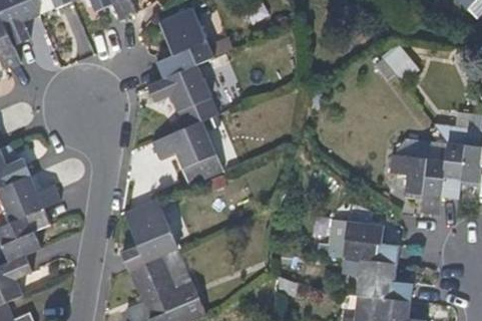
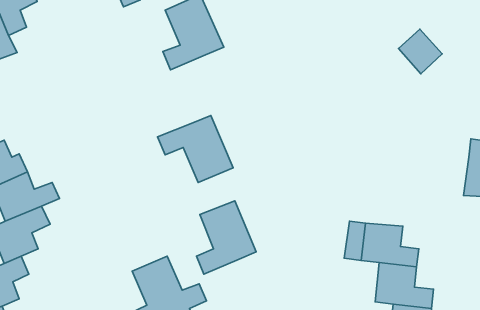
building: [147,64,218,128] -> none
building: [389,154,445,213] -> none
building: [121,199,177,268] -> [197,201,256,274]

